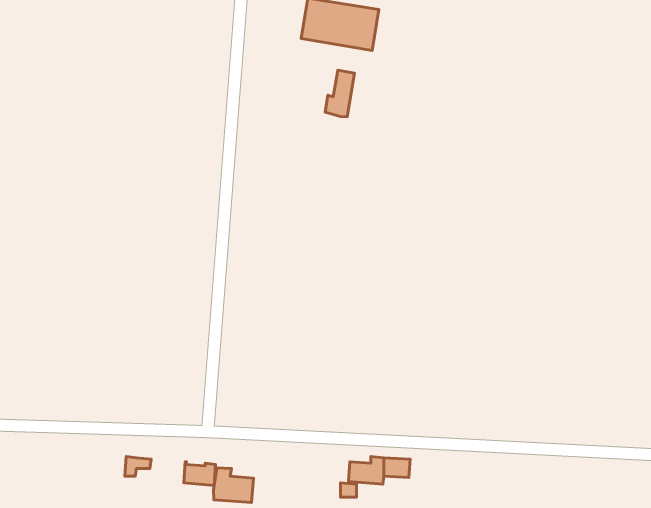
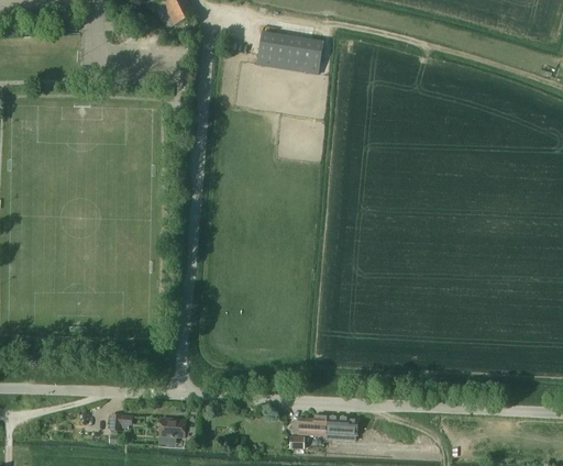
building: [325,70,355,117] -> none
building: [214,468,253,502] -> none

